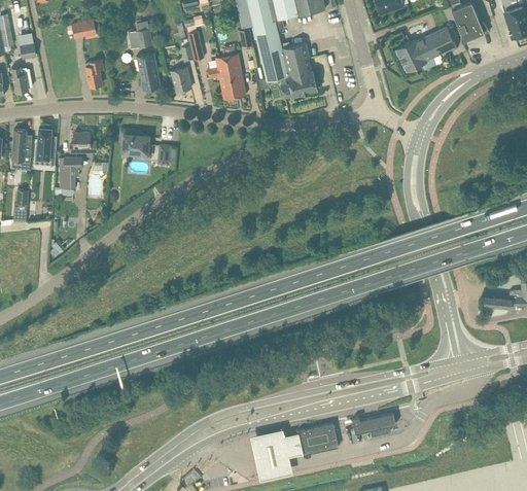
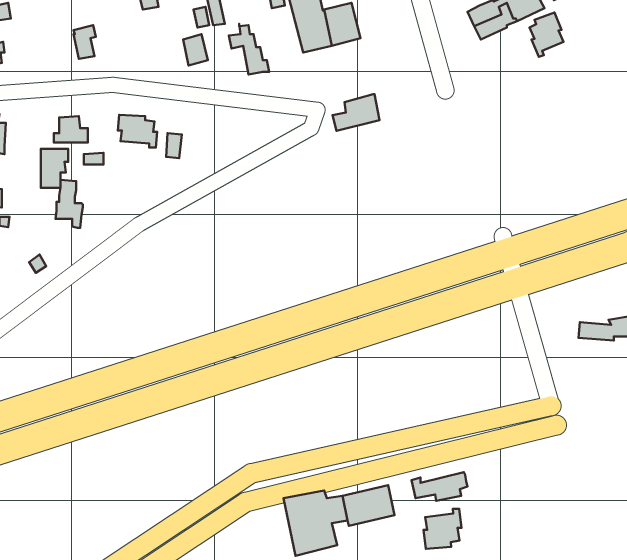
building: none -> [530,13,564,57]
building: [137,54,161,91] -> none
building: [216,56,246,98] -> none
building: [280,71,317,100] -> [333,94,380,131]
building: [35,129,57,167] -> [55,180,83,228]
building: none -> [423,509,461,549]

